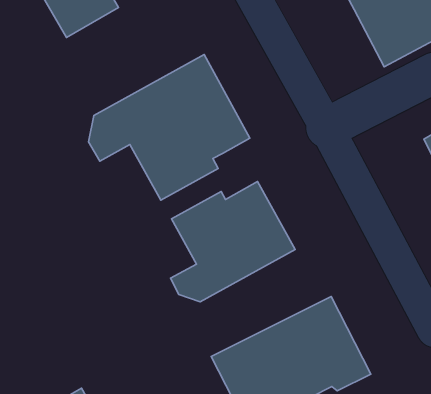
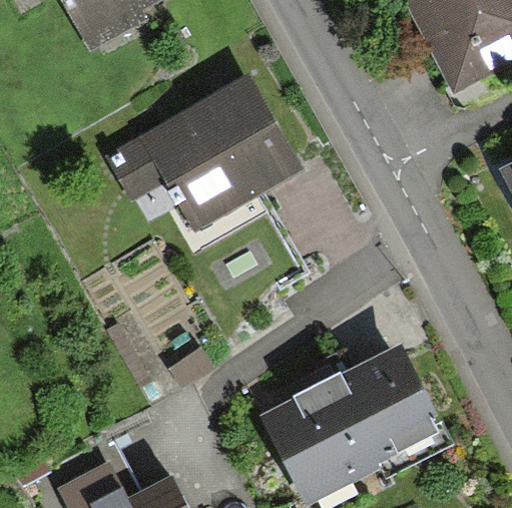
building: [170,182,295,302] -> none

